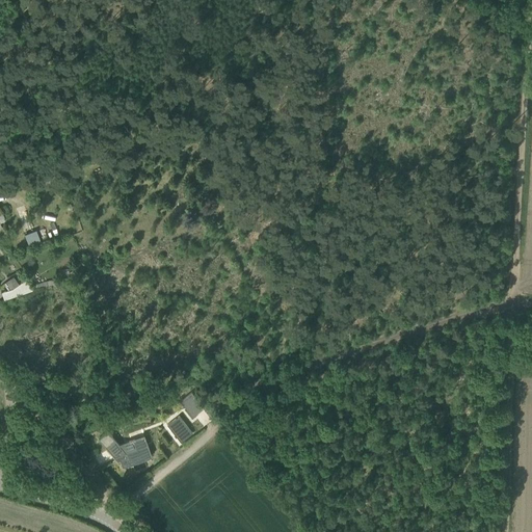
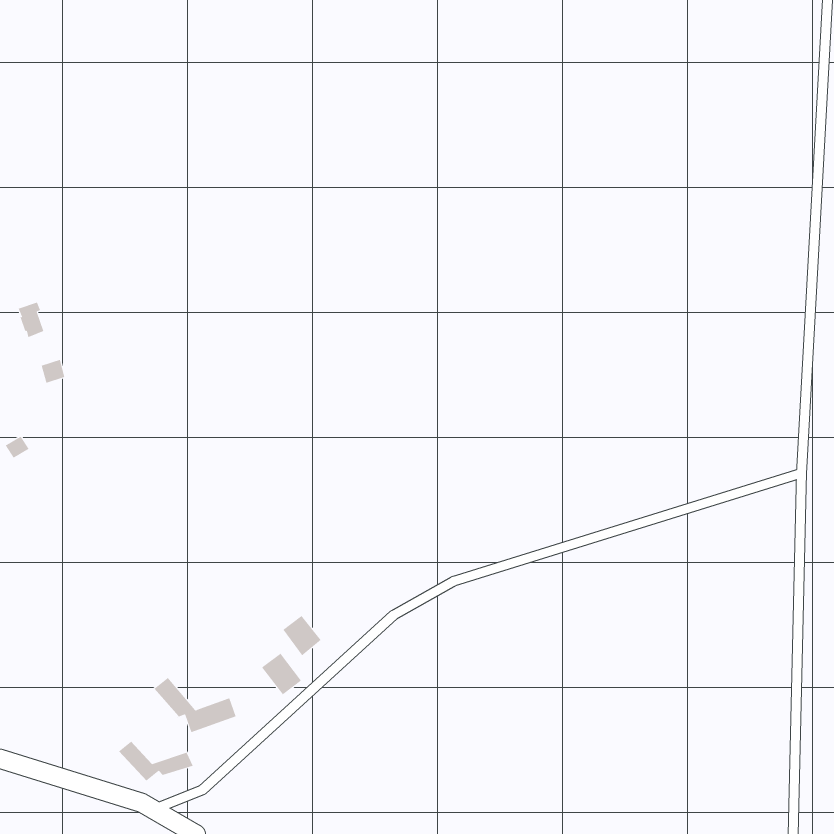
building: none -> [118,736,193,782]

